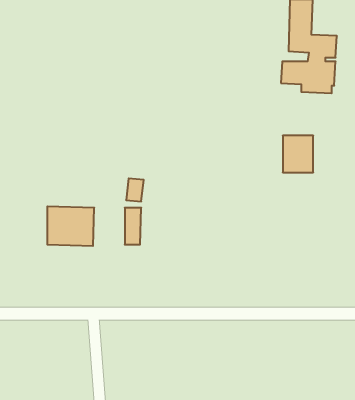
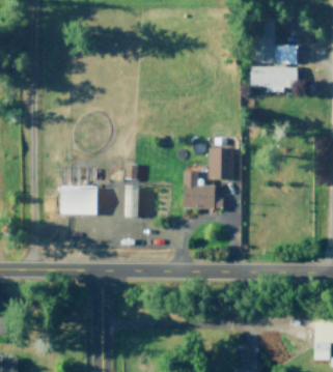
building: [283,136,313,172] -> [209,147,233,177]
building: none -> [185,170,215,208]

